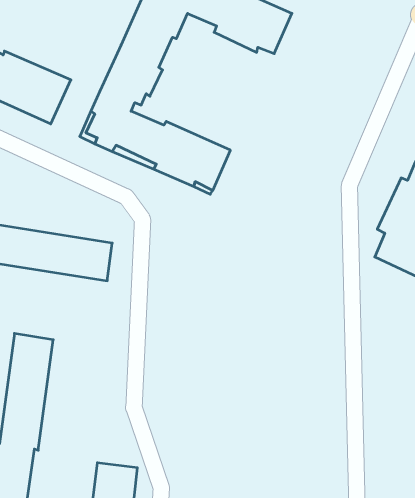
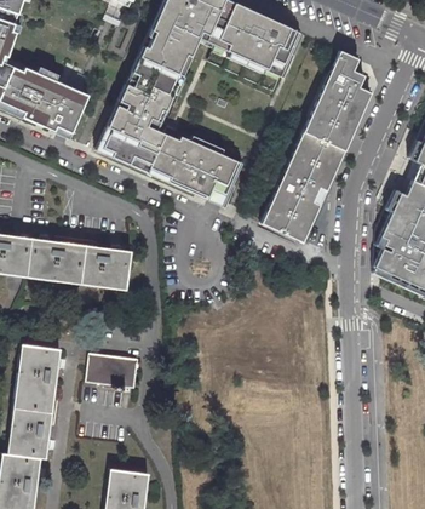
building: none -> [260,51,371,244]
building: none -> [87,353,139,387]

